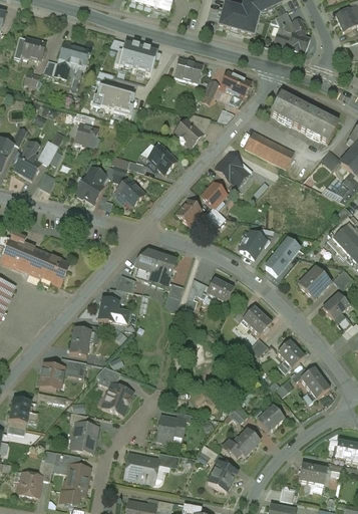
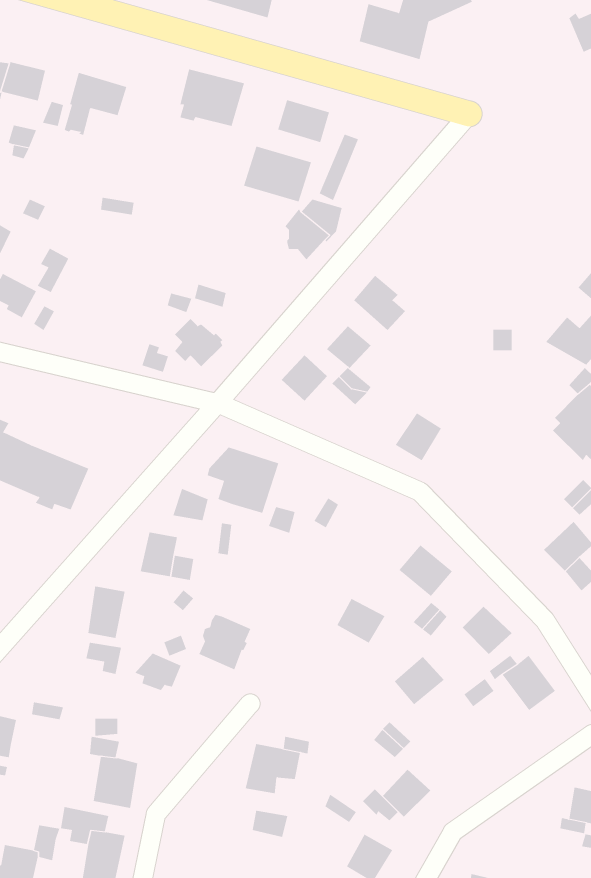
building: [274,10,311,53] -> none
building: [220,71,250,99] -> none
building: [98,79,136,110] -> [243,146,312,202]
building: [271,92,338,142] -> none
building: [74,123,99,147] -> none
building: [245,131,295,168] -> none
building: [148,144,177,173] -> none
building: [77,166,106,201] -> none
building: [264,236,300,275] -> none
building: [299,267,331,298] -> none
building: [208,277,235,302] -> [337,598,385,643]
building: [40,365,61,389] -> none
building: [103,382,132,414] -> [199,614,251,670]
building: [257,405,285,432] -> [394,656,445,705]
building: [125,453,158,482] -> none
building: [299,462,328,485] -> none

